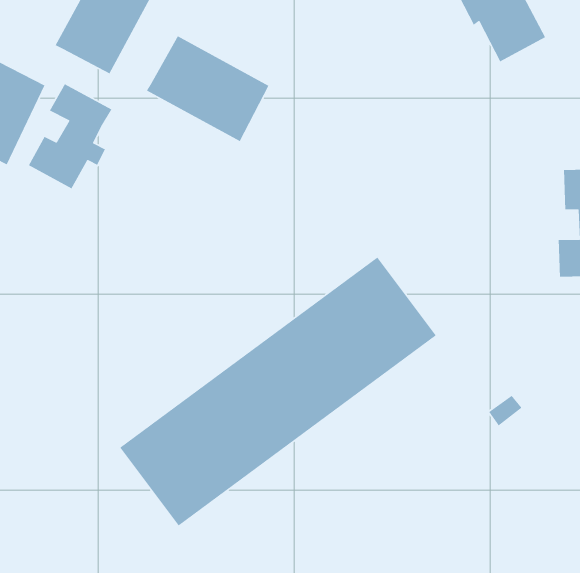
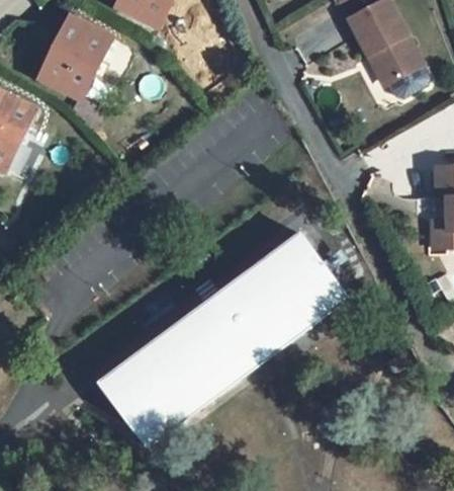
building: [146,35,269,142] -> none
building: [28,83,112,190] -> none

